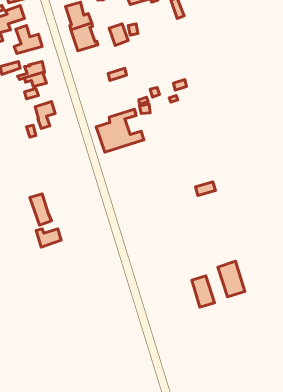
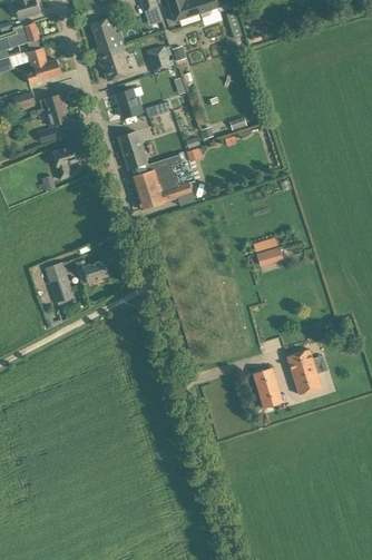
building: none -> [116,89,141,118]
building: none -> [118,131,147,169]
building: [36,229,61,247] -> [76,261,108,284]

